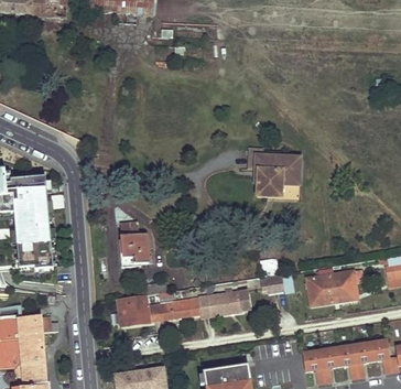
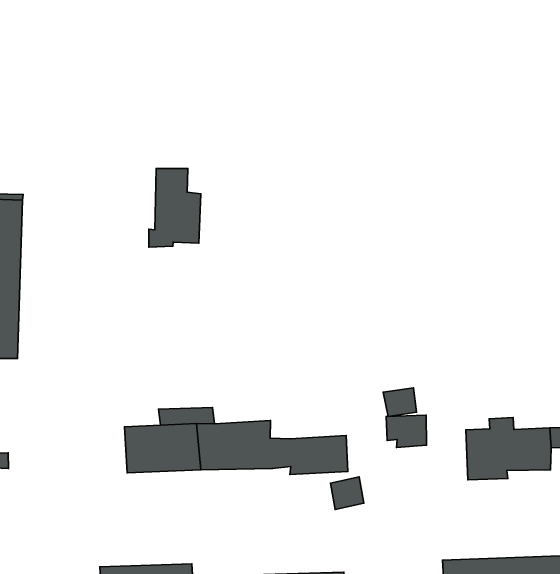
building: [250,154,300,198] -> none
building: [119,220,148,267] -> [149,168,201,247]

